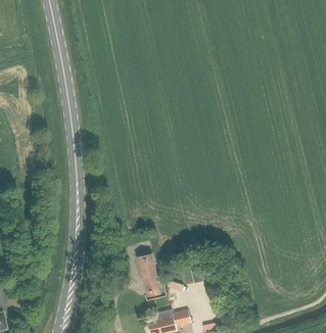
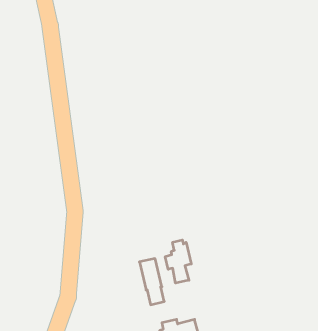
building: none -> [165,240,191,283]

